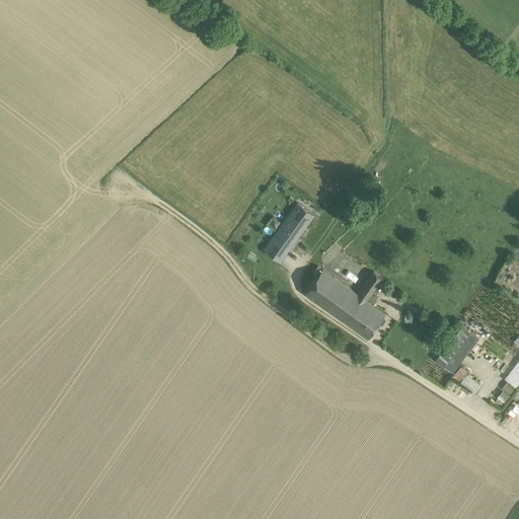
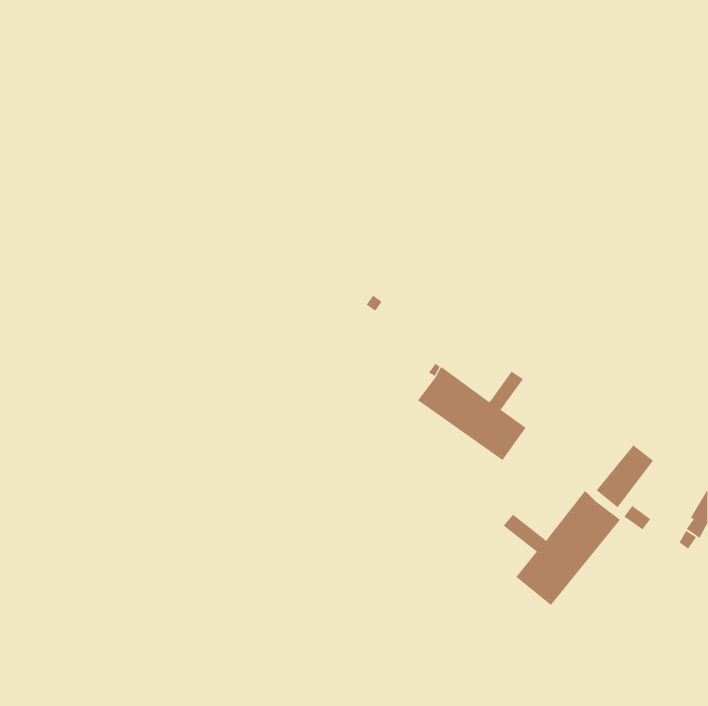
building: [266,205,313,261] -> none
building: none -> [503,491,621,606]

